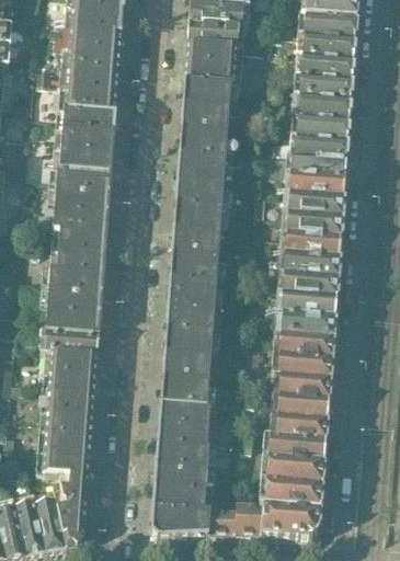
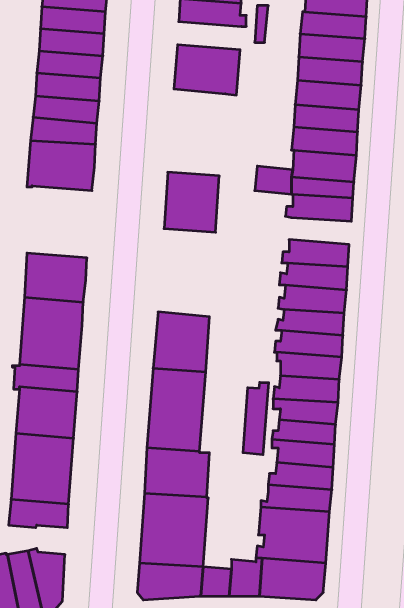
building: [188,20,245,45] -> none
building: [180,80,231,158] -> none
building: [54,167,112,231] -> none
building: [283,195,344,219] -> none
building: [171,205,222,284] -> none
building: none -> [243,382,269,455]
building: [61,470,90,496] -> none

